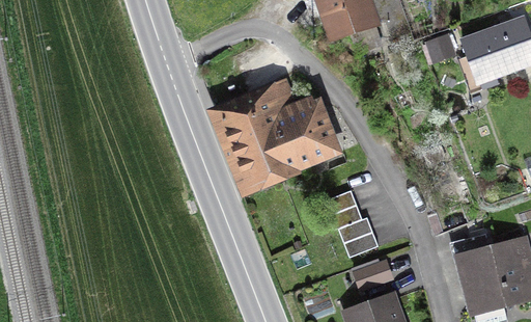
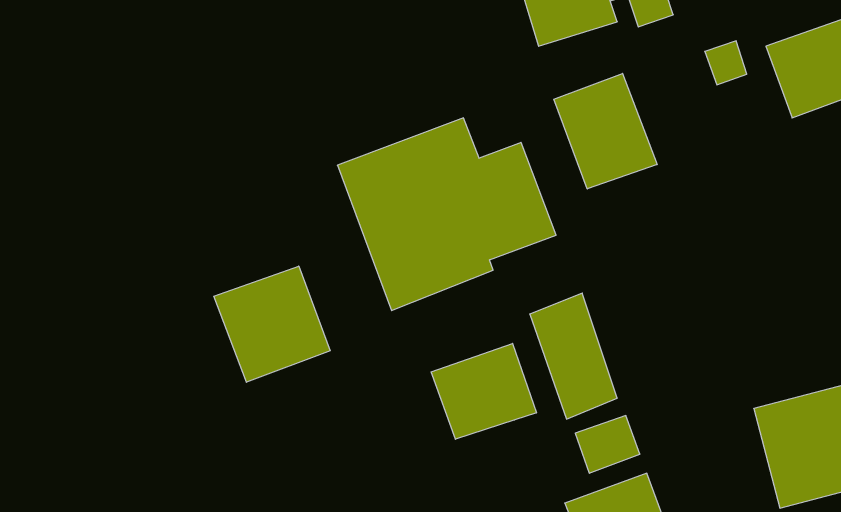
building: none -> [554,73,657,189]
building: none -> [214,266,330,382]
building: none -> [431,343,536,439]

